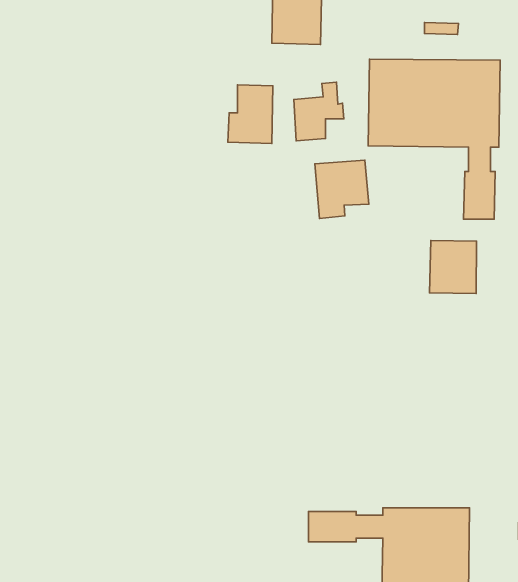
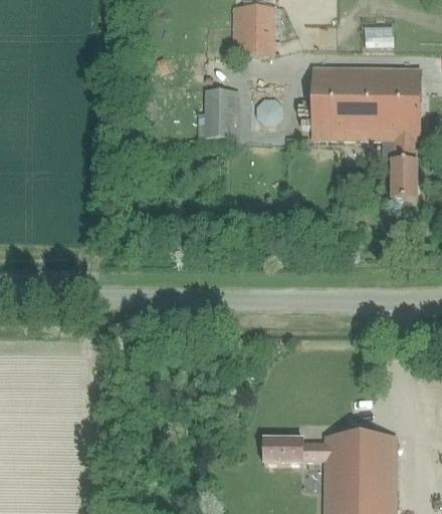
building: [315,160,369,219] -> none
building: [429,240,477,293] -> none

